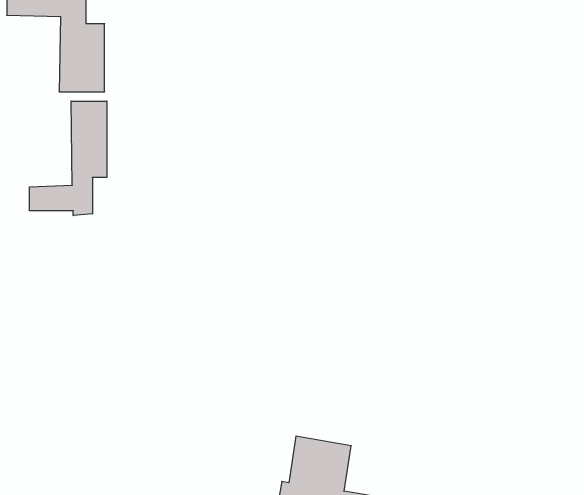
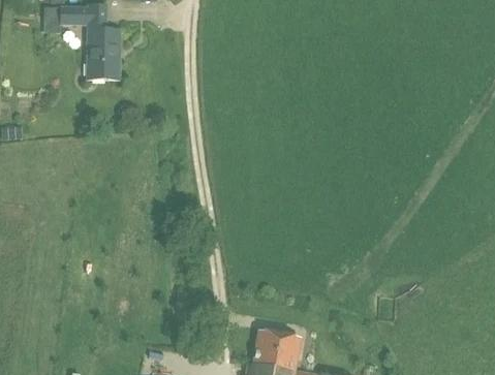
building: [30,101,107,216] -> none

